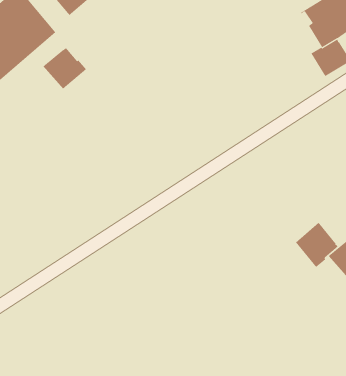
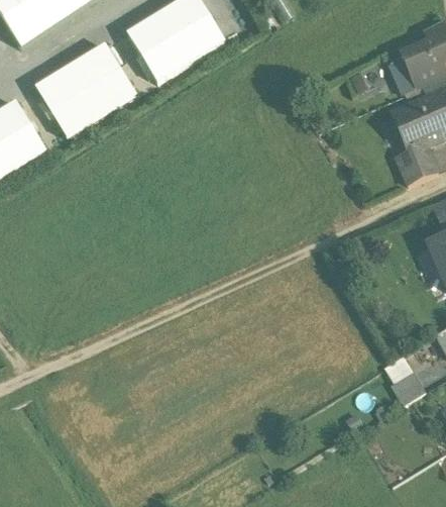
building: [43,47,87,89] -> none
building: [295,222,339,268] -> none

